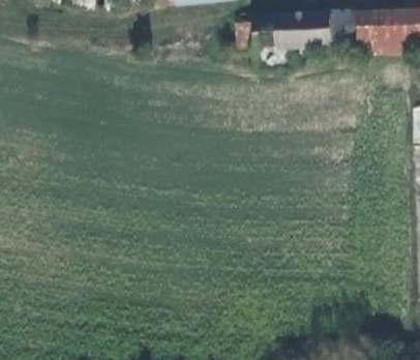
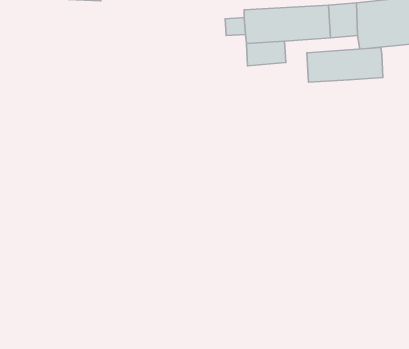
building: none -> [307,47,383,82]

